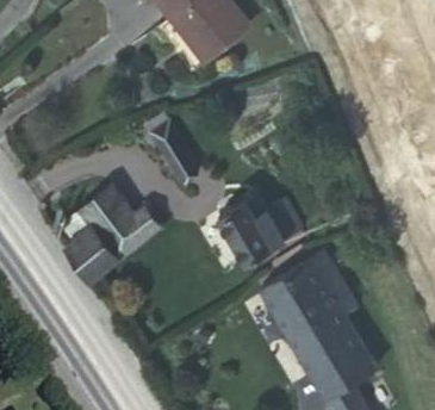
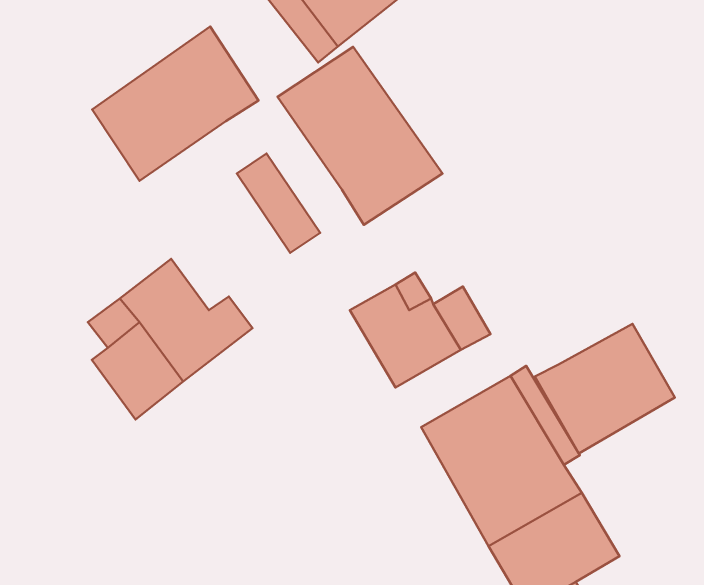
building: none -> [92,26,259,181]
building: none -> [277,47,442,225]
building: none -> [535,324,675,453]

